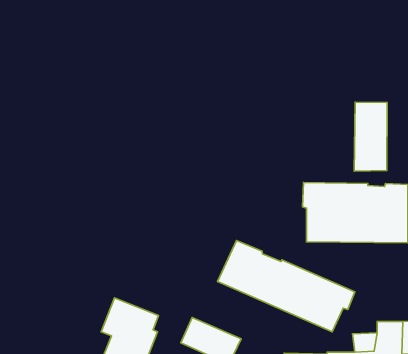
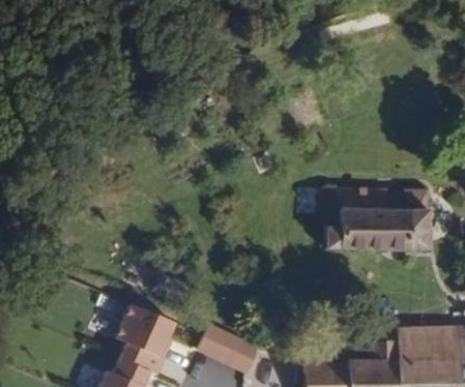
building: [354,102,387,171] -> none
building: [218,240,355,332] -> none

